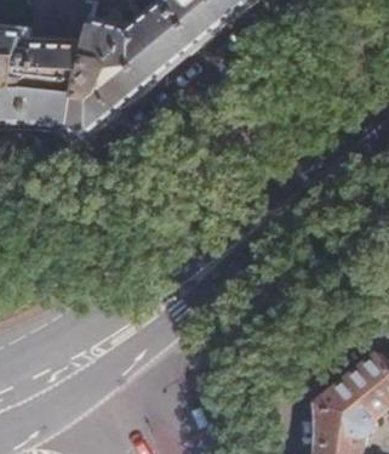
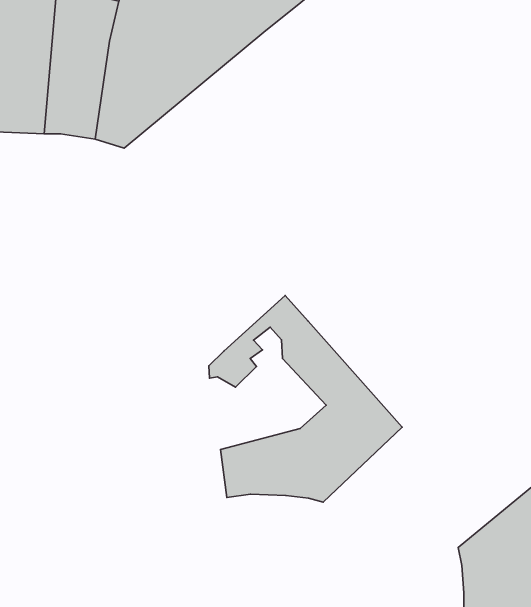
building: none -> [209,295,402,502]

